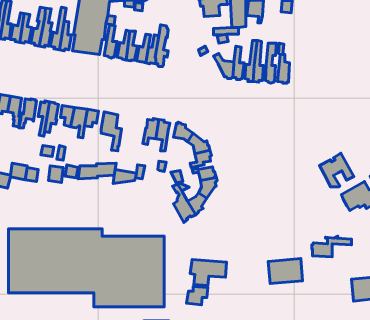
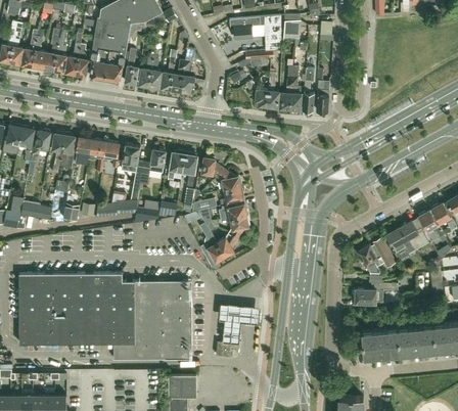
building: none -> [141,150,166,184]
building: [319,153,354,187] -> [358,238,396,275]
building: [268,259,303,284] -> [362,329,400,357]

